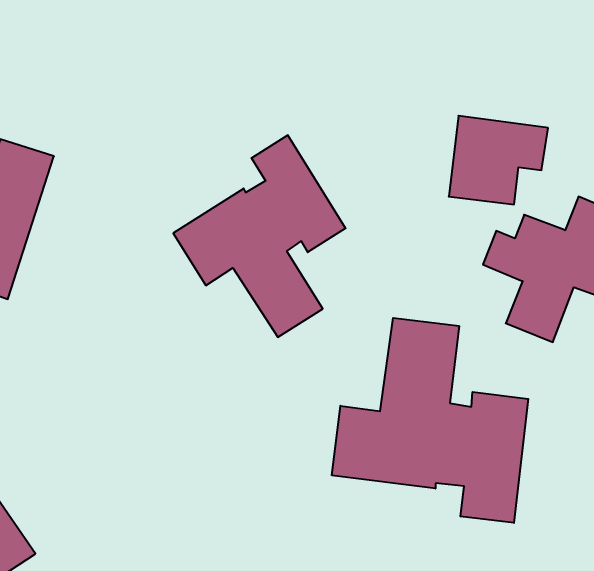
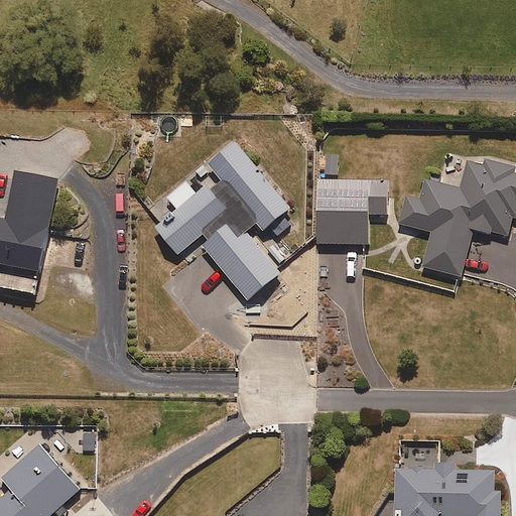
building: [449,116,548,204] -> [316,179,387,243]
building: [332,318,528,523] -> none

